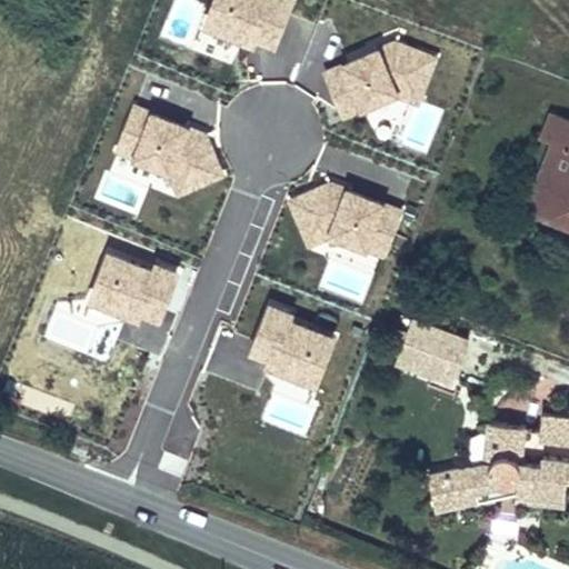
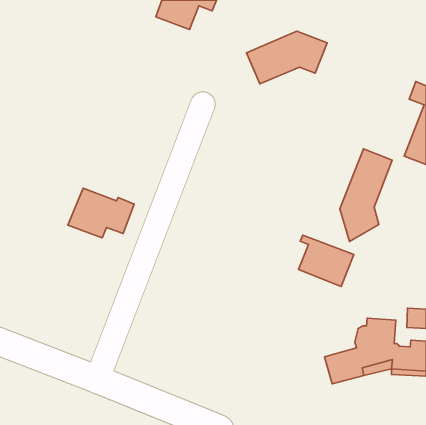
building: [118,110,220,193] -> none
building: [291,187,399,254] -> none
building: none -> [340,149,392,242]
building: [254,309,332,383] -> none

